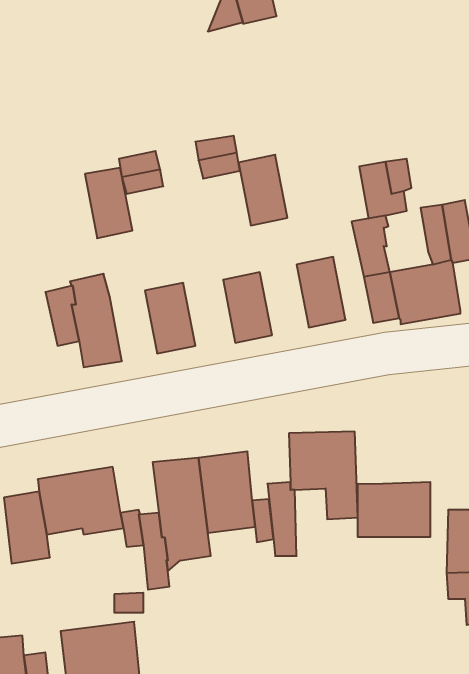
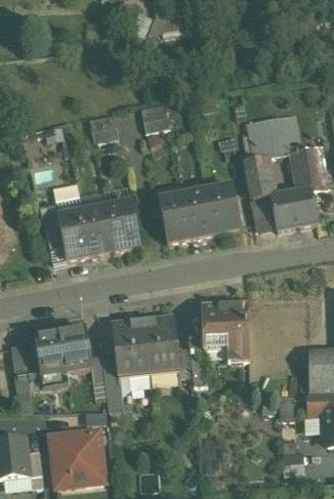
building: [238,155,287,225] -> [183,190,216,237]
building: [85,168,132,238] -> [83,207,115,254]
building: [358,482,430,537] -> none

